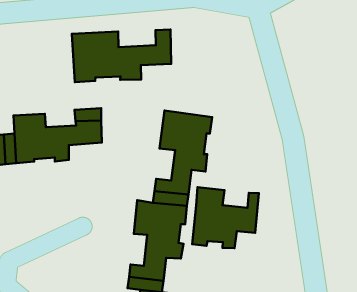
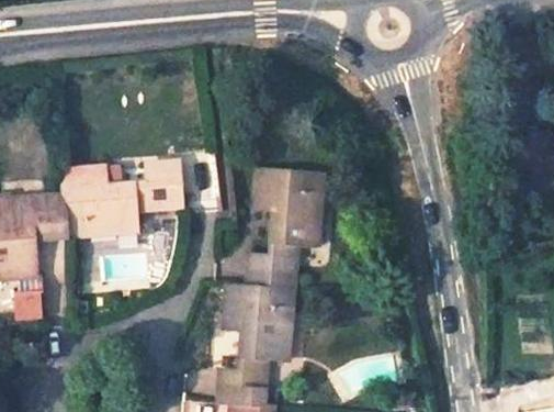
building: [72,29,171,82] -> none
building: [192,187,259,248] -> none

